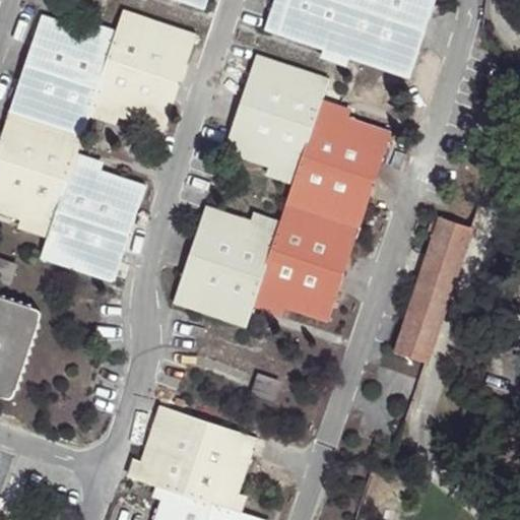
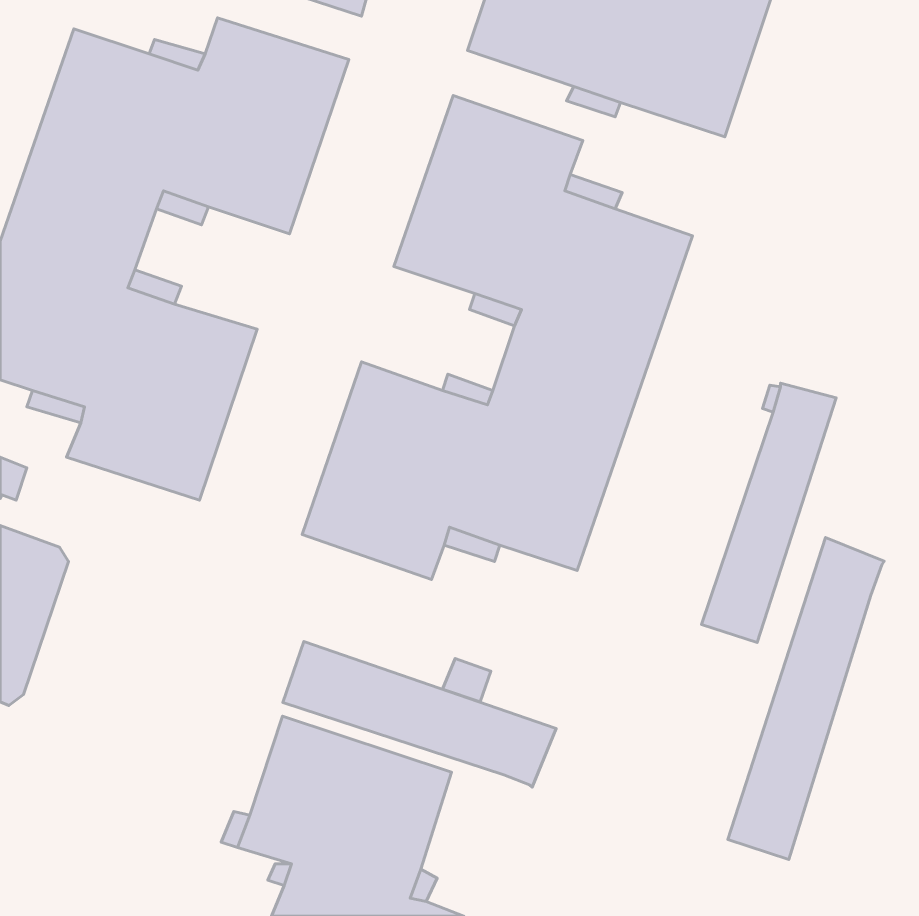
building: none -> [728,538,884,860]
building: none -> [283,642,556,787]

